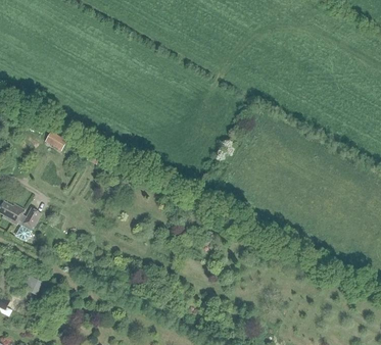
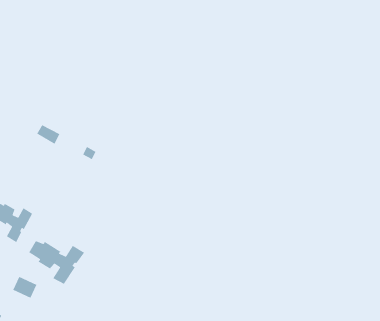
building: none -> [28,240,85,285]

